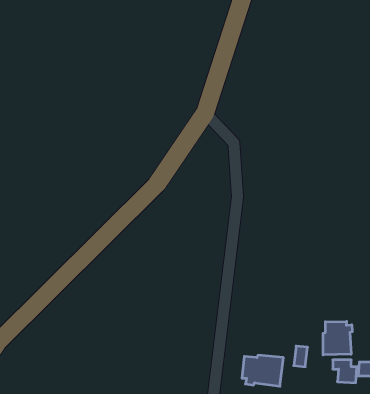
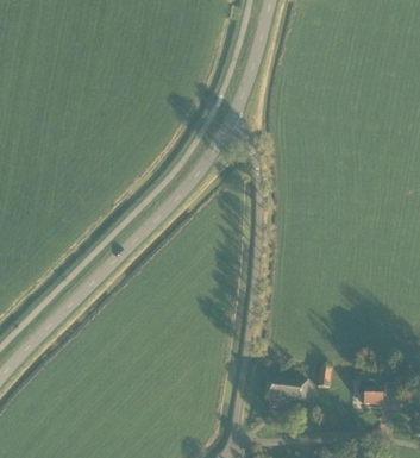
building: [323,321,352,355] -> none

